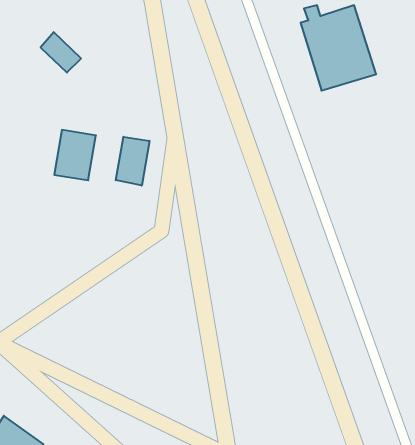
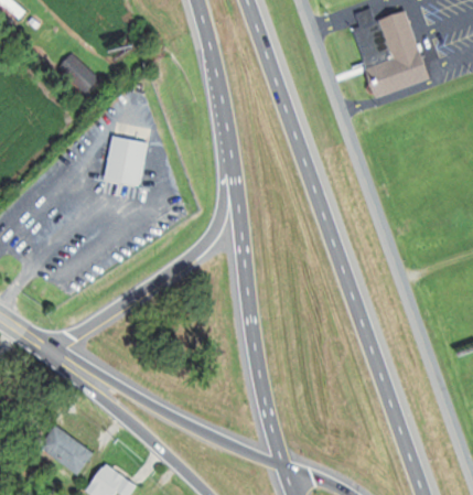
building: [41,32,81,73] -> [57,53,98,94]
building: [116,137,149,186] -> none

